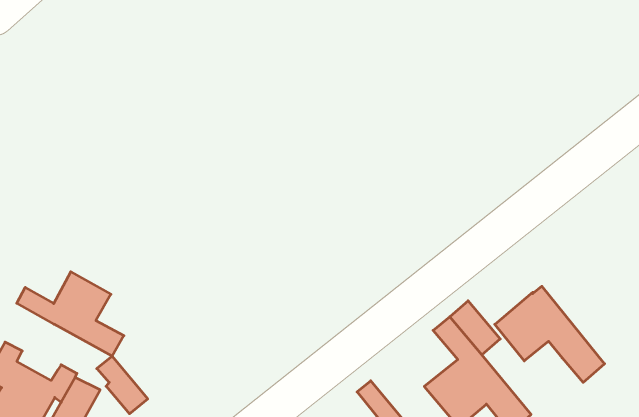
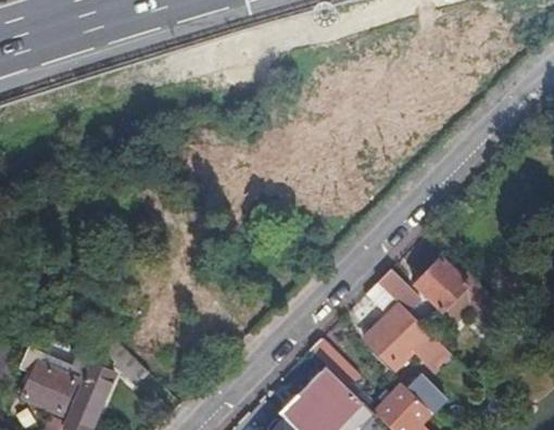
building: [17,272,124,356] -> none

